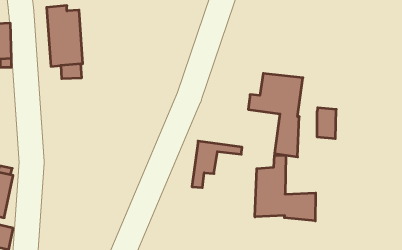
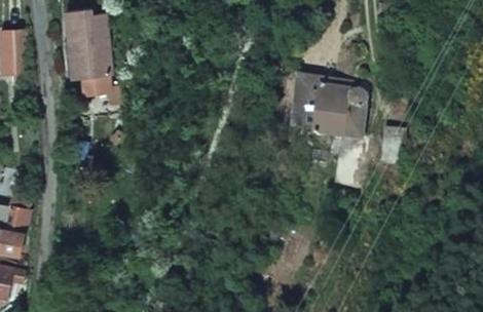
building: [192,141,242,188] -> [290,76,348,130]
building: [255,155,316,221] -> none

